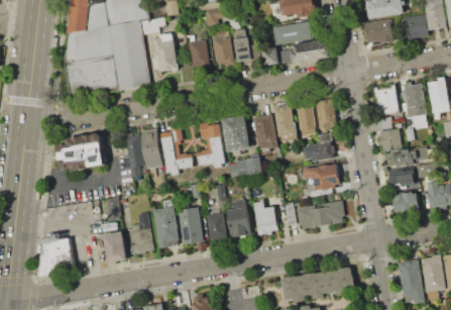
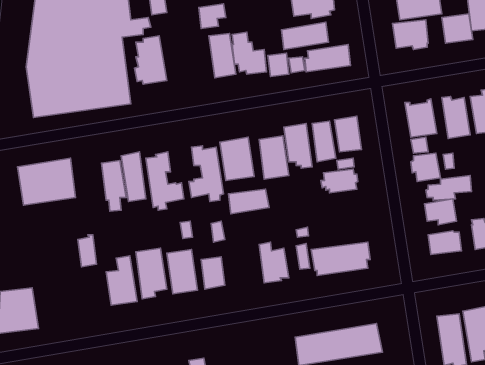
building: [187,35,208,66] -> none
building: [302,164,338,191] -> none
building: [227,207,251,236] -> none
building: [103,231,126,262] -> none

